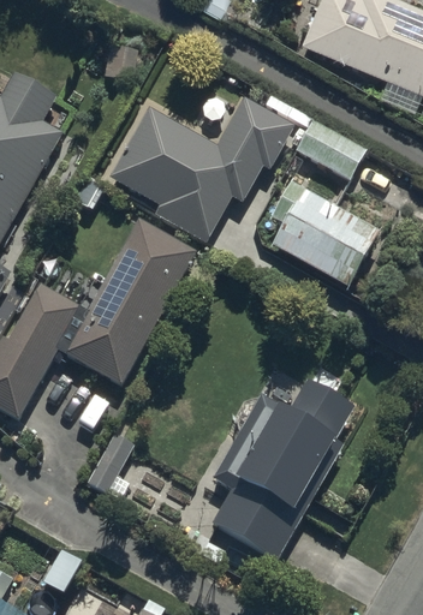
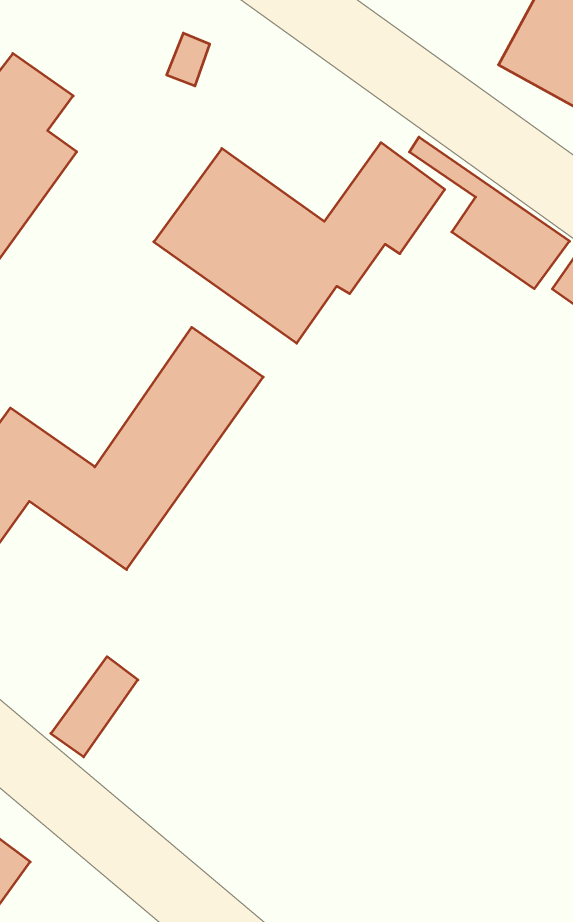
building: [278,198,371,283] -> none
building: [221,384,357,565] -> none

